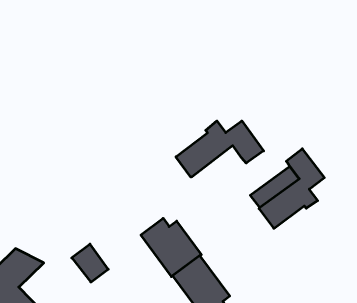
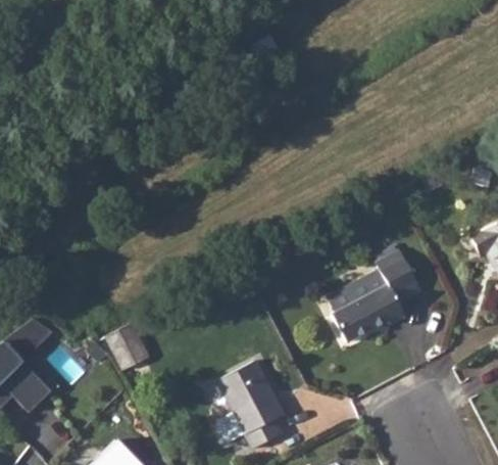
building: [176,121,264,177] -> none
building: [141,218,201,277] -> none

